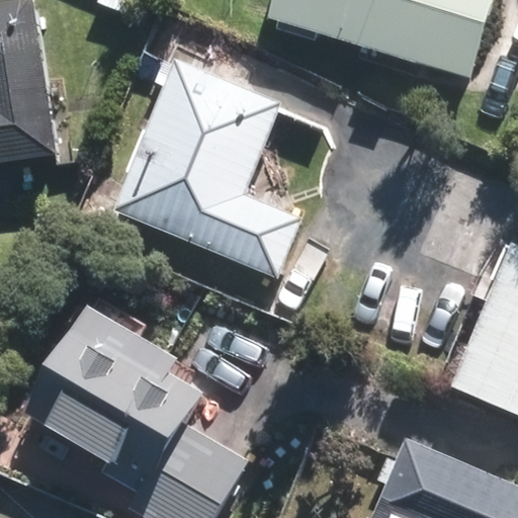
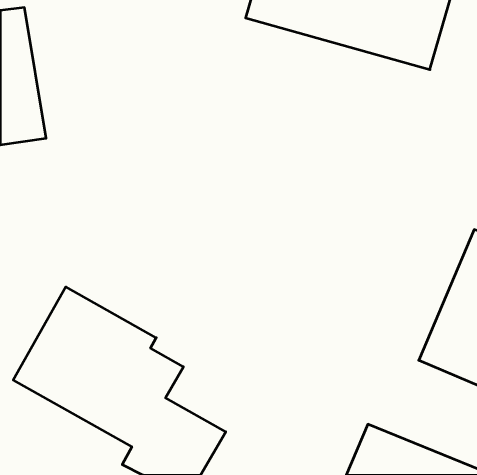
building: [118,69,293,268] -> none

